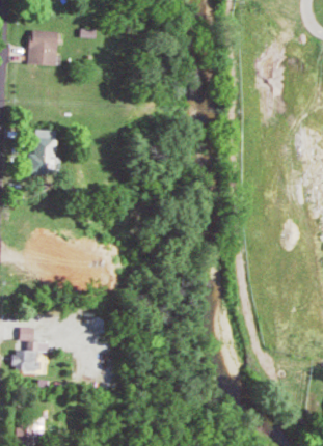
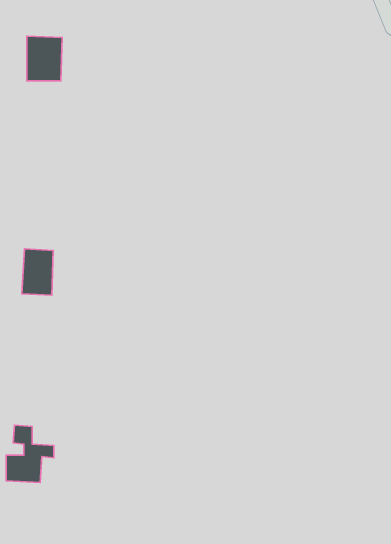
building: [31,130,55,165] -> [22,249,53,295]

